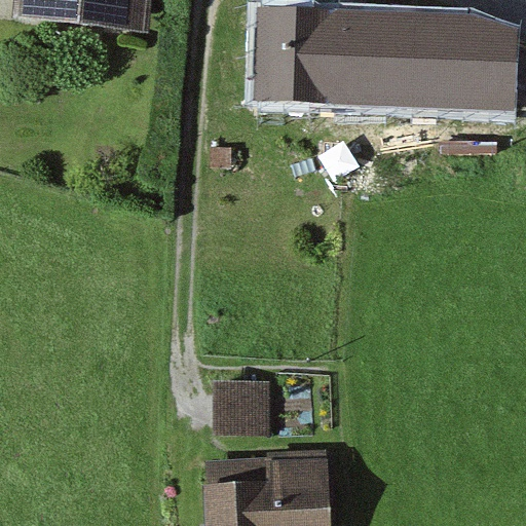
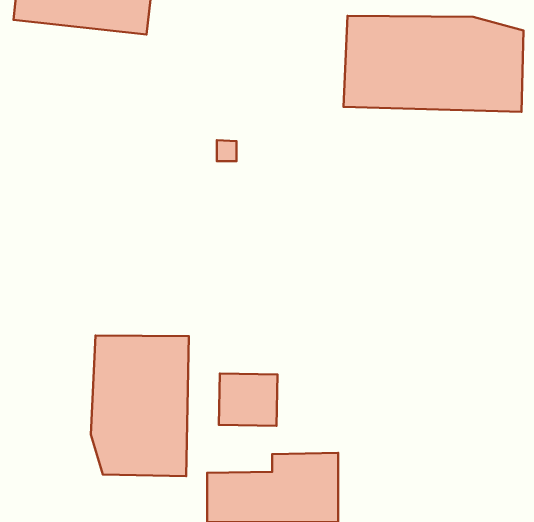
building: [257,12,341,105] -> none
building: none -> [91,336,189,476]

